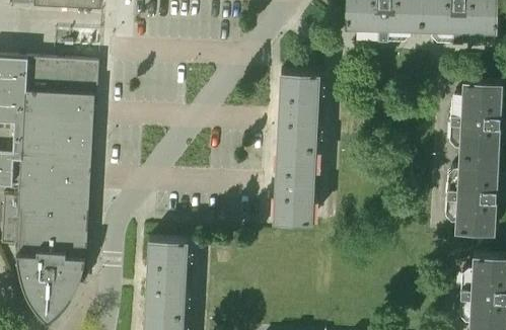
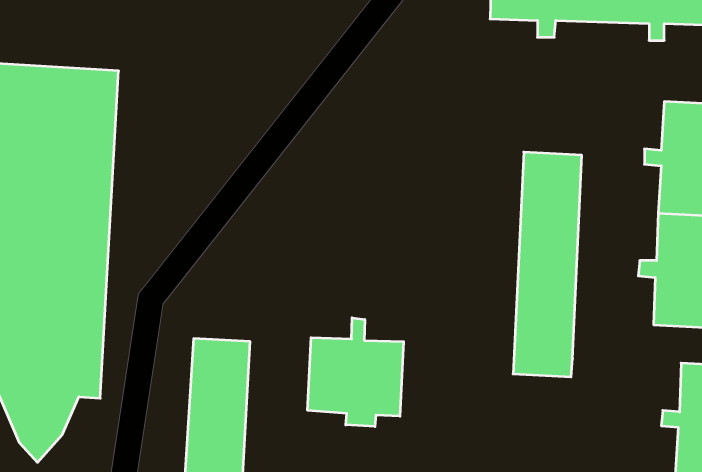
building: [274,73,319,222] -> [513,152,582,377]
building: none -> [308,318,404,427]

